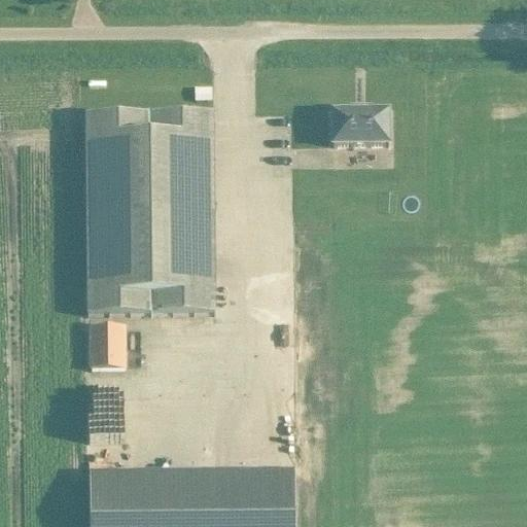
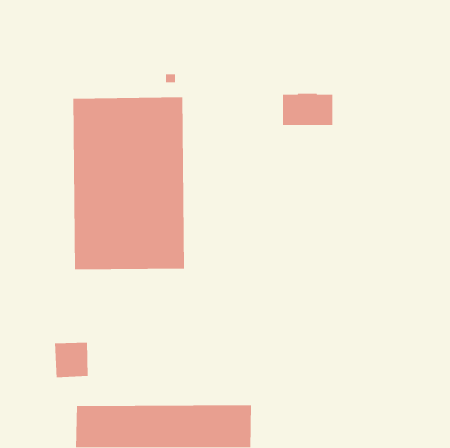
building: [85,326,126,368] -> [54,342,89,378]

